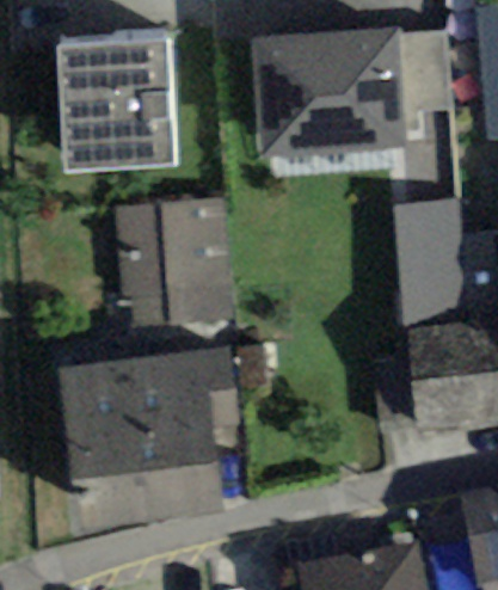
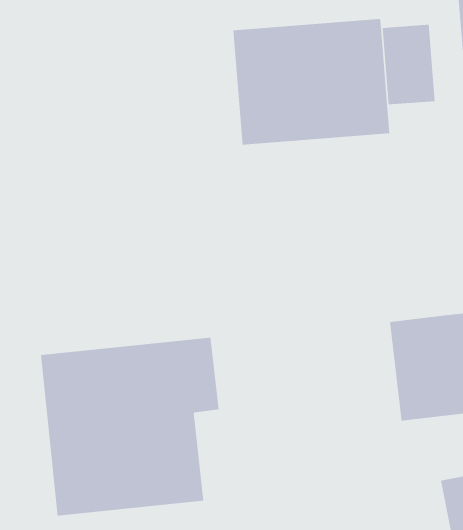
building: [56,38,178,173] -> none
building: [115,197,232,324] -> none
building: [393,198,469,332] -> none

